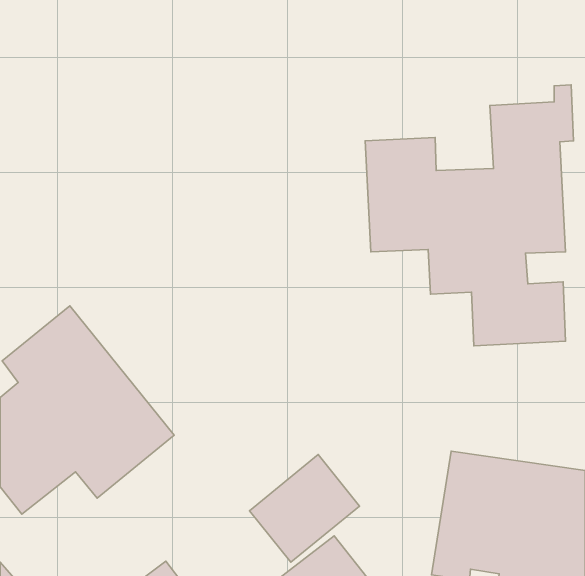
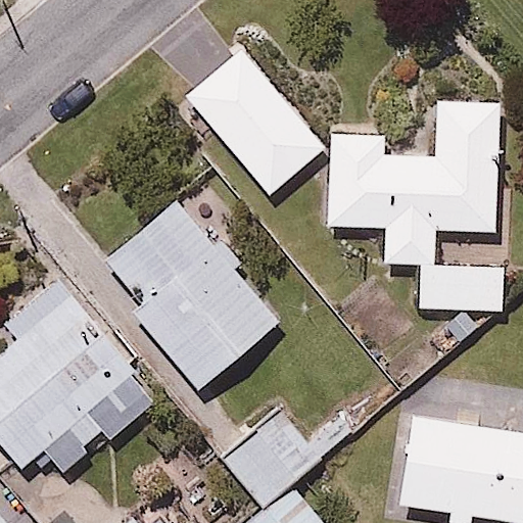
building: none -> [181,47,326,197]
building: none -> [94,200,283,394]

